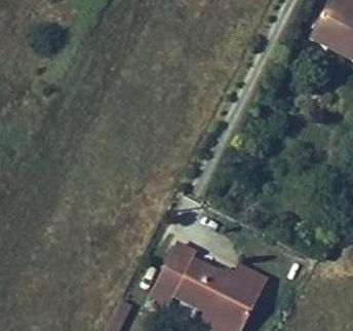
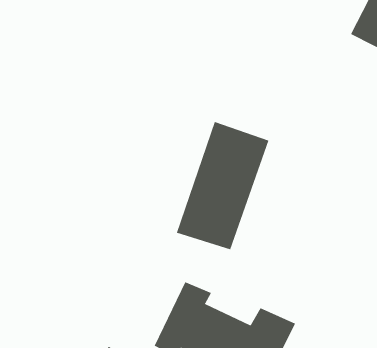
building: none -> [176,121,269,250]

